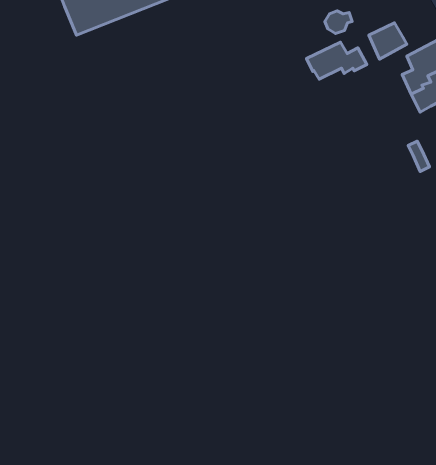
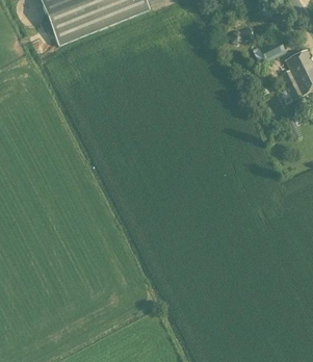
building: [306,42,367,79] -> none

